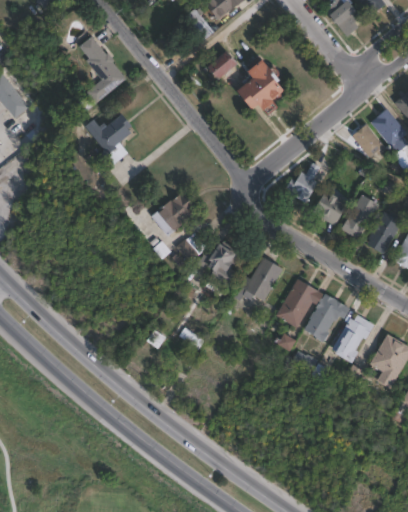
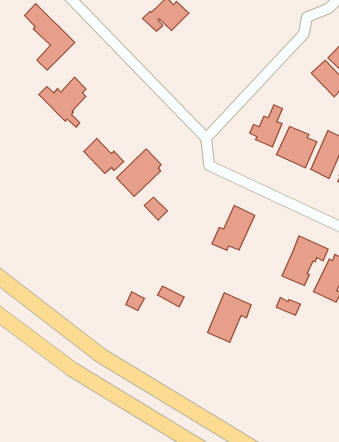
building: [241,58,291,110] -> none
building: none -> [84,138,124,173]
building: [206,243,240,284] -> none
building: [276,278,322,327] -> [207,293,251,342]

